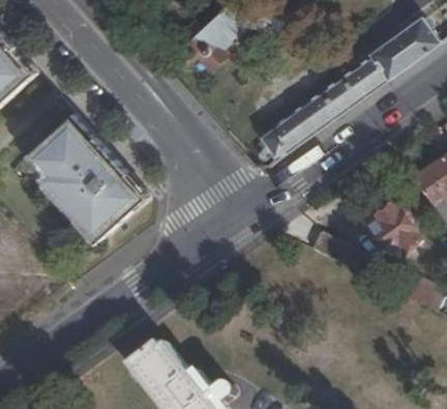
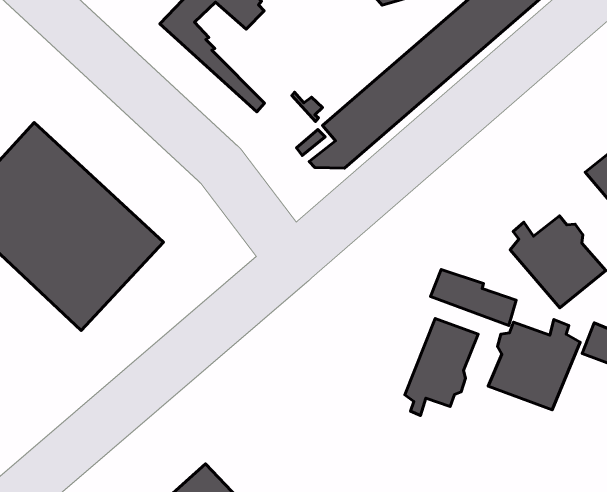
building: none -> [405,318,478,415]
building: none -> [488,319,580,410]

